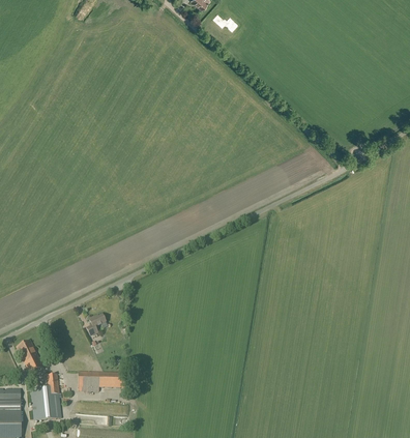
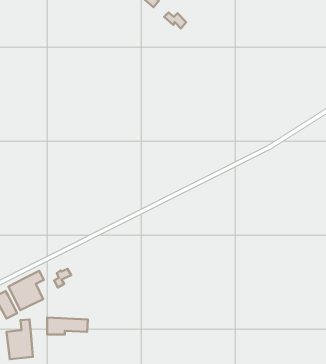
building: none -> [9,271,44,310]

